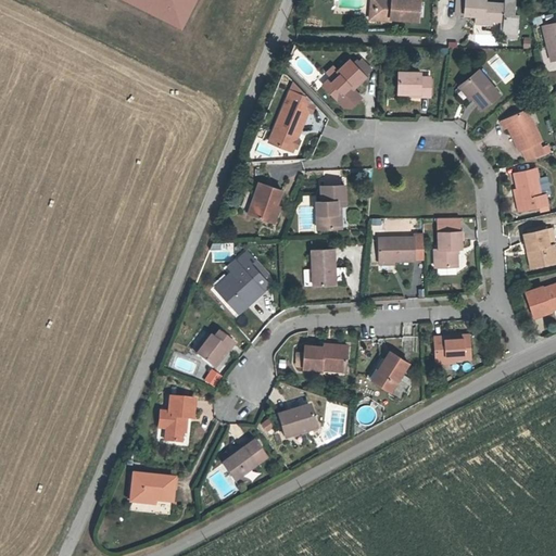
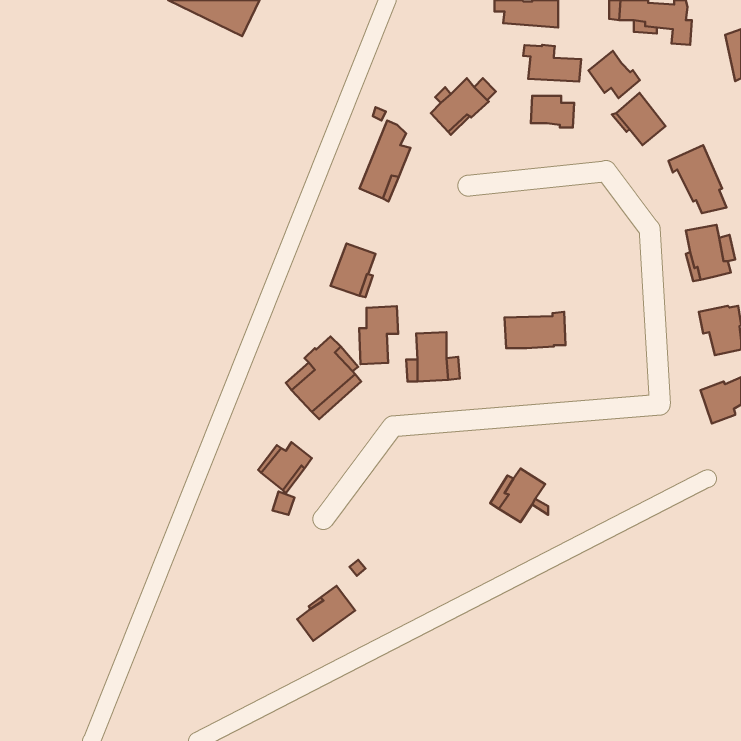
building: none -> [523,45,581,82]
building: none -> [589,51,640,98]
building: [316,185,345,228] -> [359,306,398,364]
building: [434,217,462,267] -> none
building: [433,334,471,361] -> none
building: [303,344,348,369] -> none
building: [159,396,194,442] -> none
building: [278,405,316,438] -> none
building: [129,473,174,504] -> none

